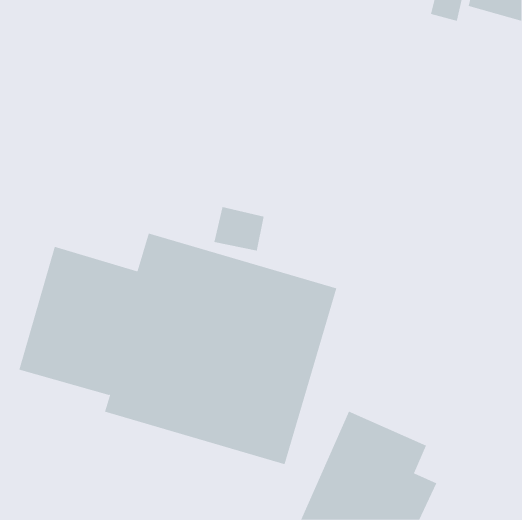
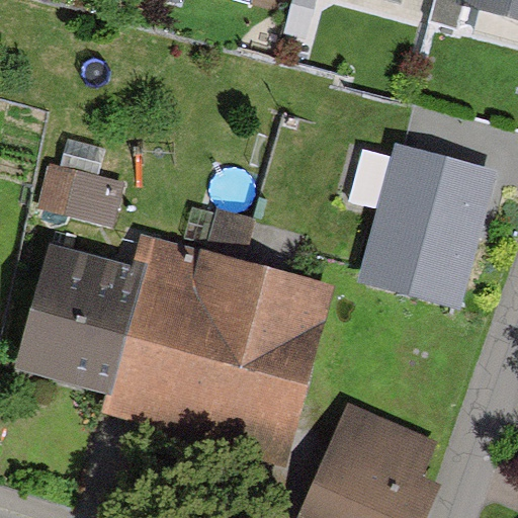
building: none -> [348,150,494,313]
building: none -> [38,160,126,227]

